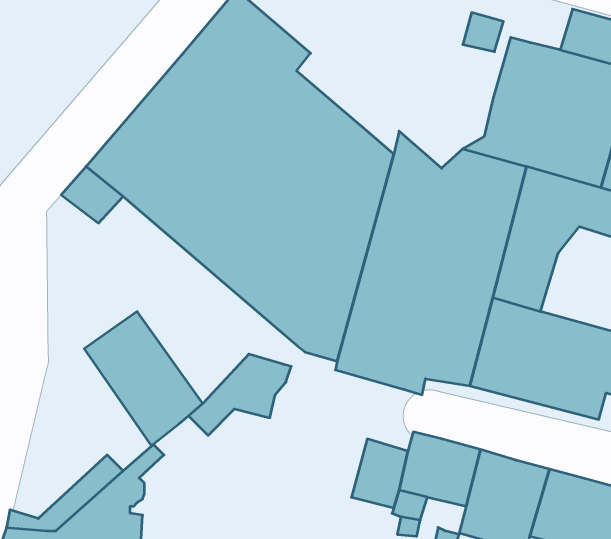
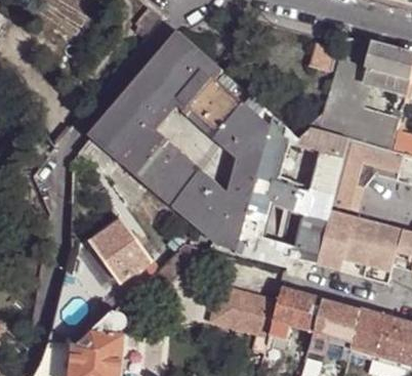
building: none -> [215,283,255,325]

